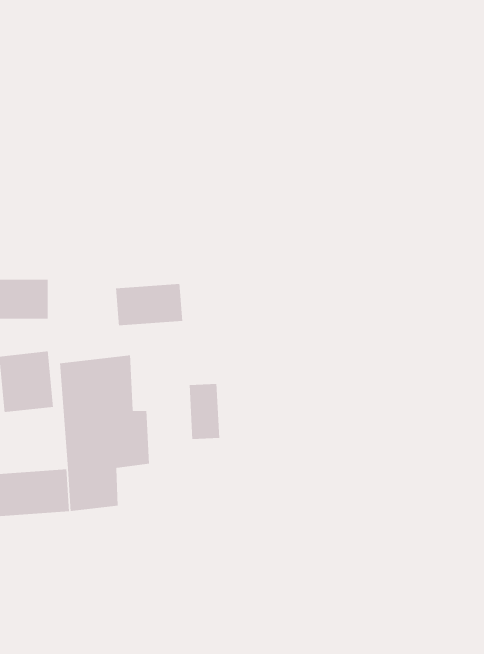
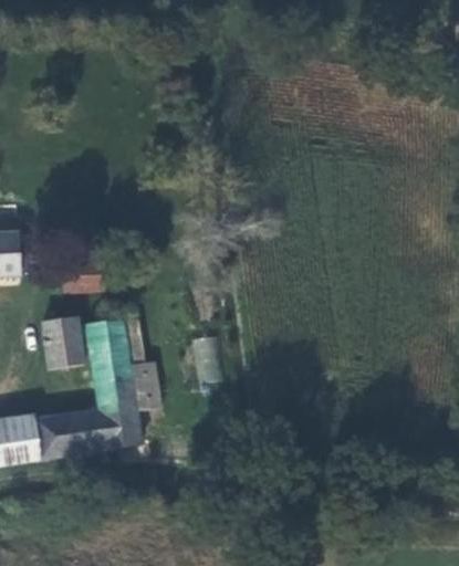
building: [115,283,183,326] -> none

